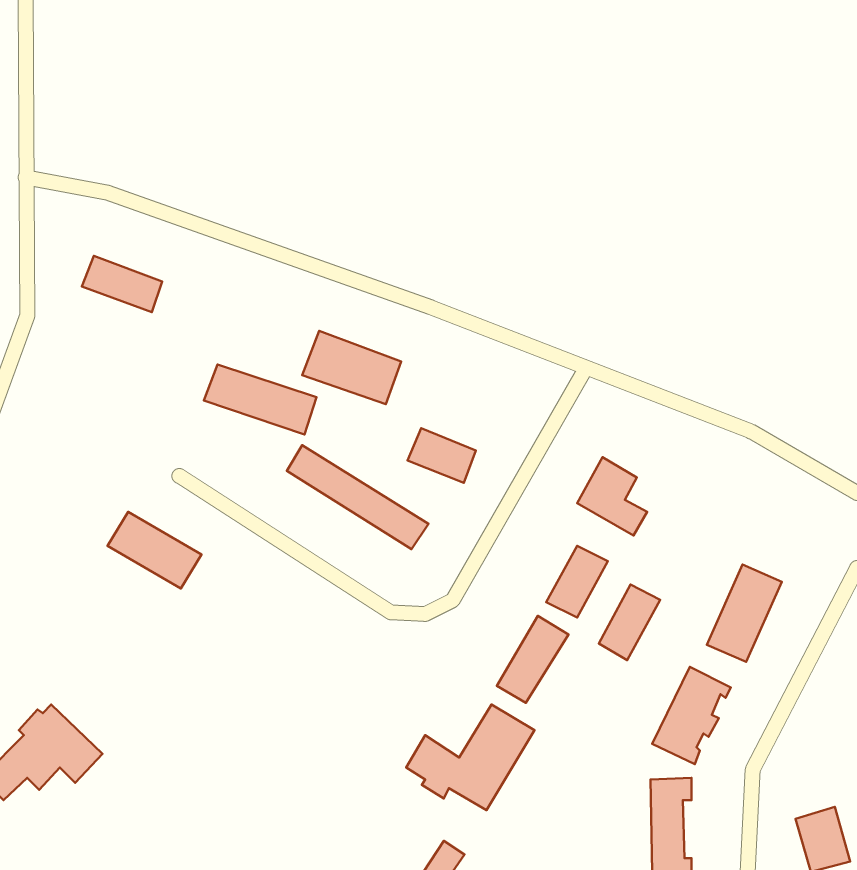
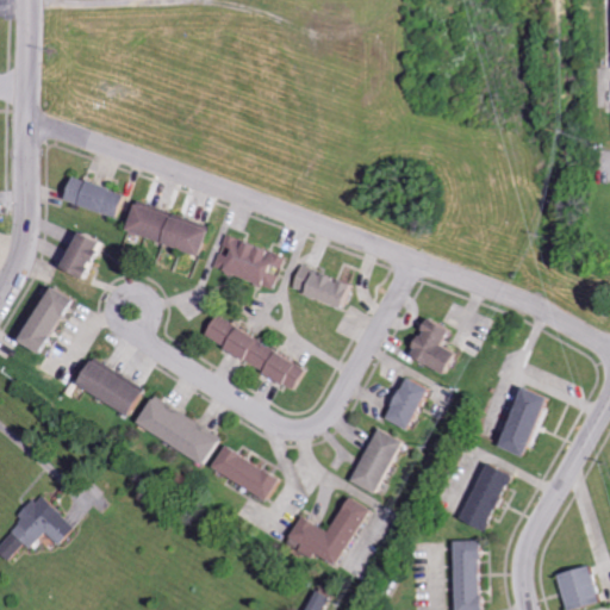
building: none -> [57,231,97,278]
building: [204,365,316,435] -> [120,204,199,253]
building: none -> [13,291,68,356]
building: [408,428,476,483] -> [298,267,346,305]
building: none -> [137,393,218,461]
building: [599,584,660,660] -> none
building: none -> [211,441,280,498]

